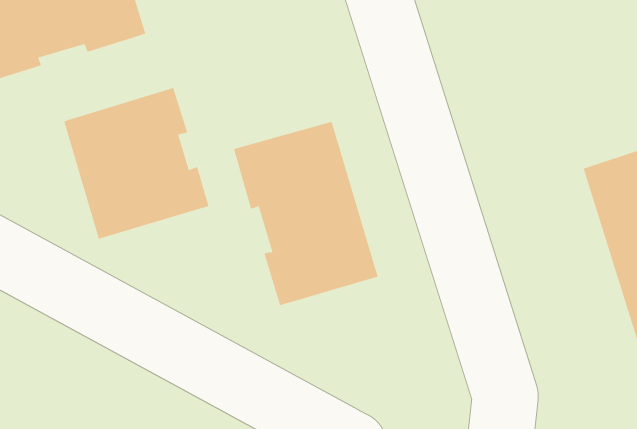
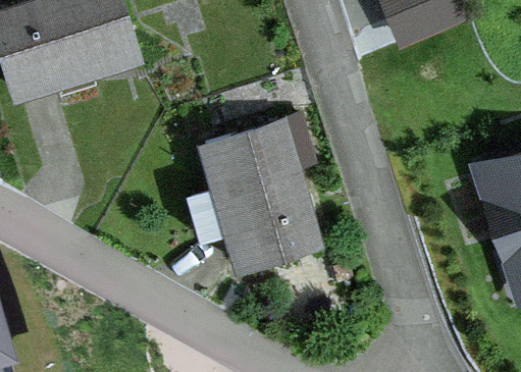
building: [63,87,209,240] -> none

